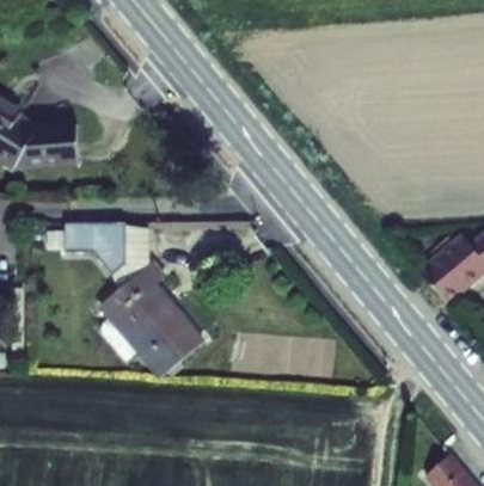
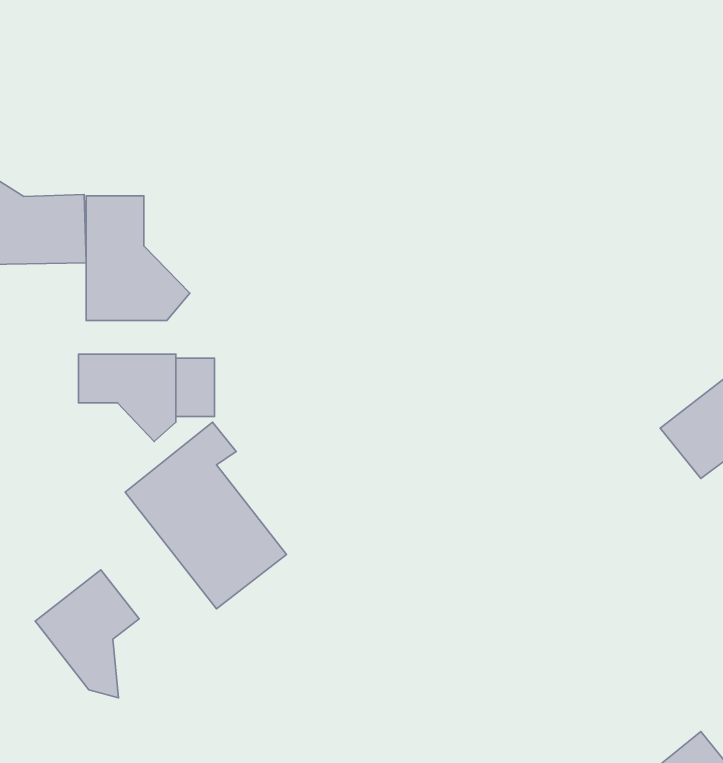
building: none -> [86,196,190,320]
building: none -> [35,570,139,698]

